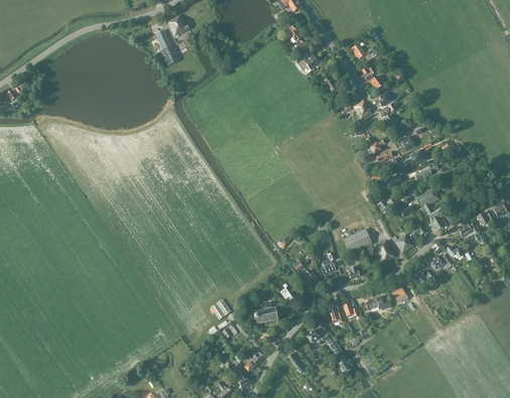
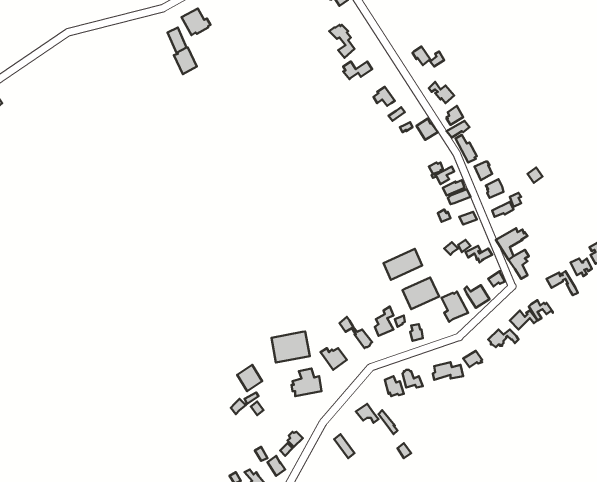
building: none -> [383,249,422,280]
building: none -> [271,331,310,363]

